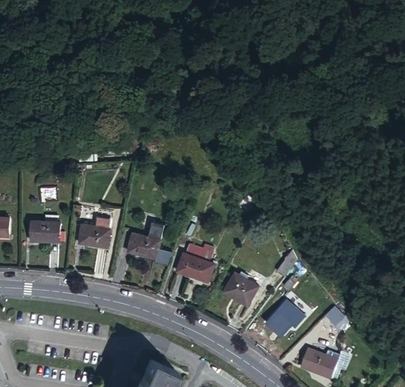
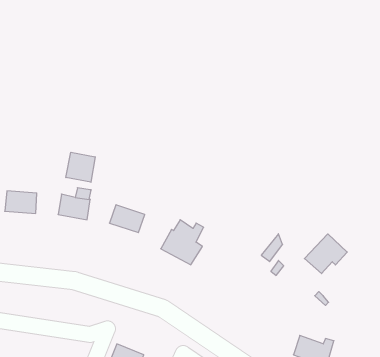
building: none -> [66,152,95,182]
building: [221,275,256,309] -> none
building: [266,301,306,338] -> [304,234,347,274]

